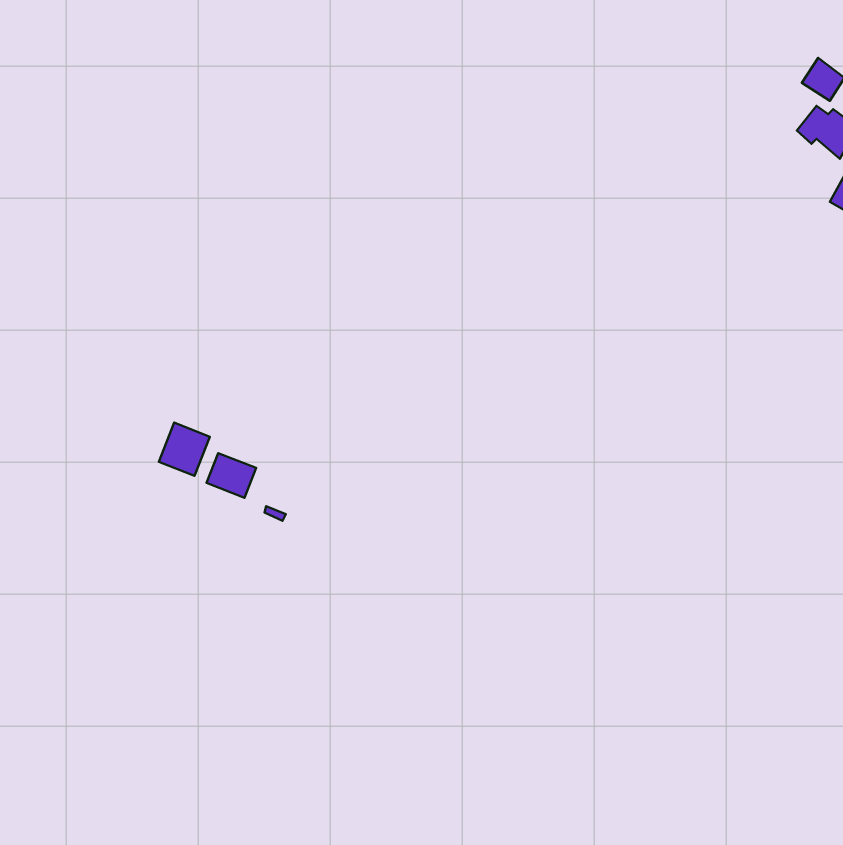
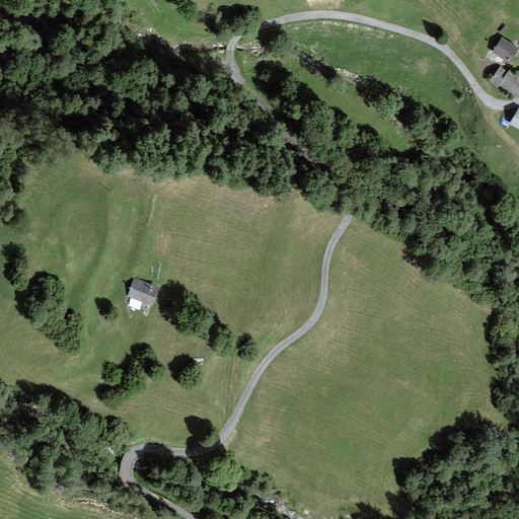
building: [159,423,210,476] -> none

